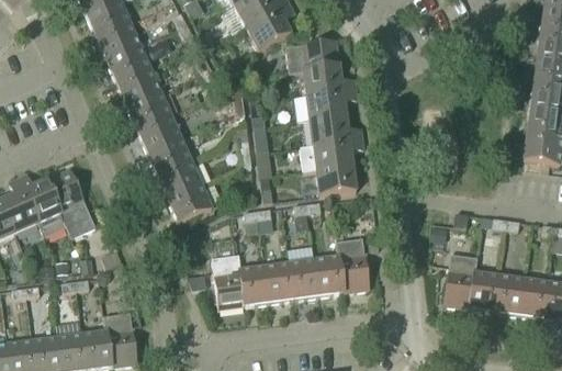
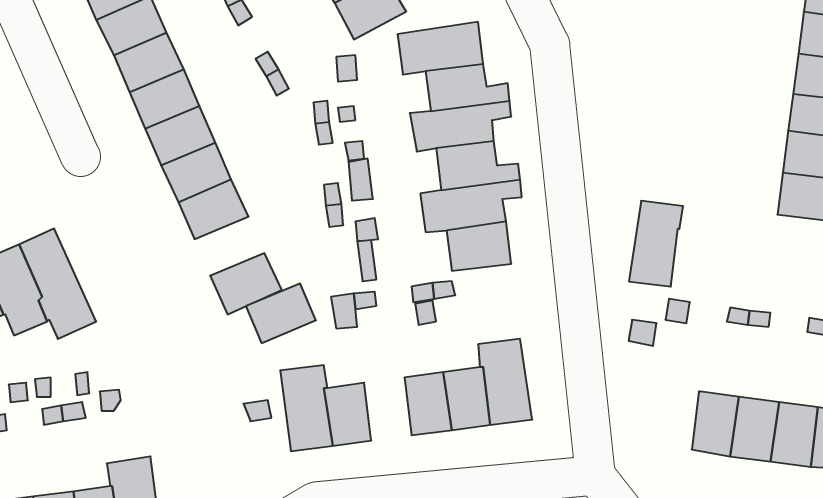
building: [158,160,202,198] -> [246,283,316,343]
building: [443,252,477,306] -> [629,201,683,287]
building: [265,261,294,301] -> none

